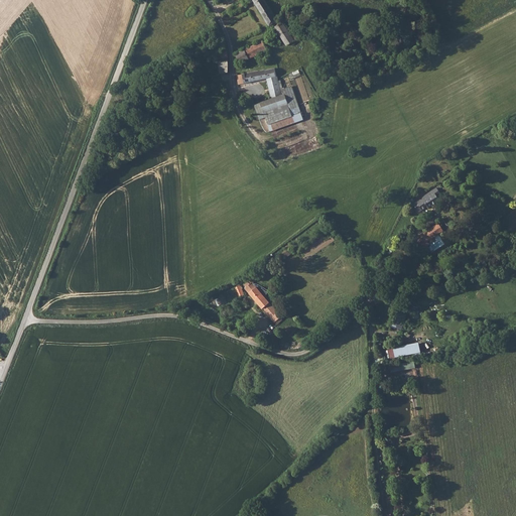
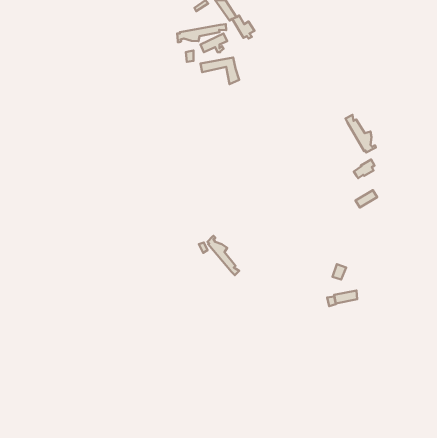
building: none -> [177,24,226,42]
building: [259,94,294,131] -> none
building: none -> [346,115,376,152]

